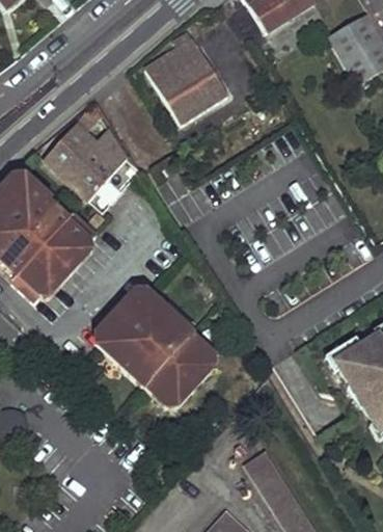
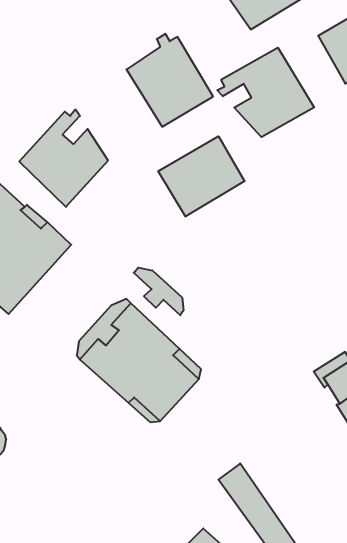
building: none -> [217,48,314,137]
building: none -> [158,136,245,217]
building: none -> [134,268,184,315]

